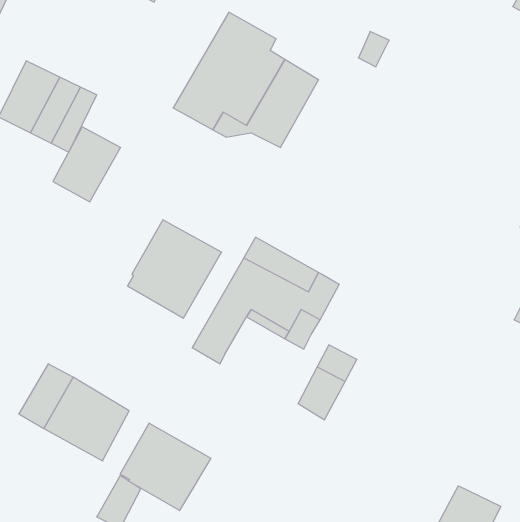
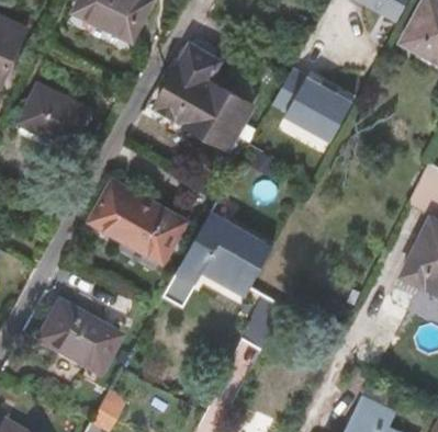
building: none -> [291,76,351,135]
building: [53,127,121,202] -> [90,184,141,240]
building: [120,423,211,511] -> none

